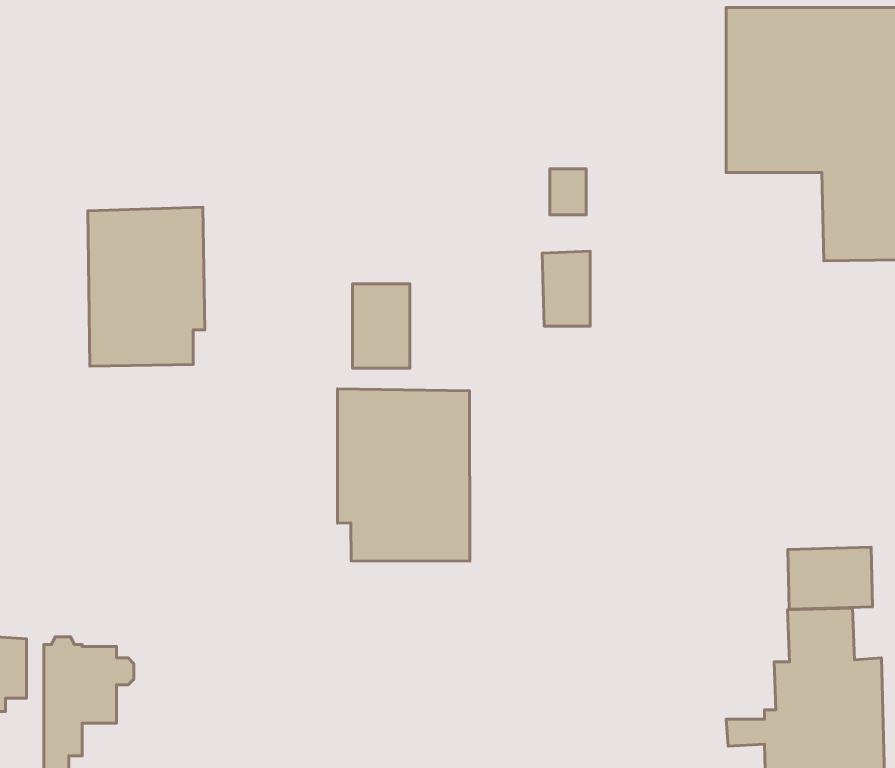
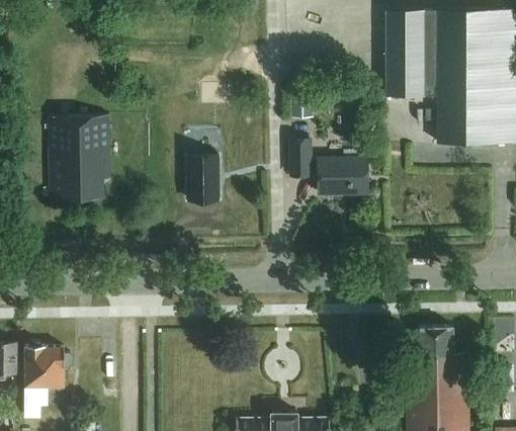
building: none -> [319,160,367,194]
building: [338,389,470,561] -> none
building: [788,547,873,609] -> none

